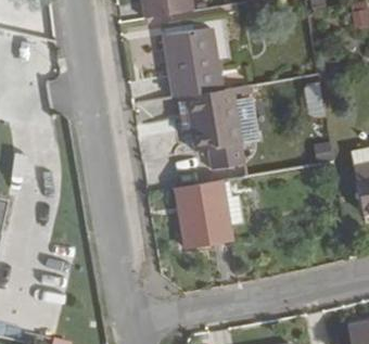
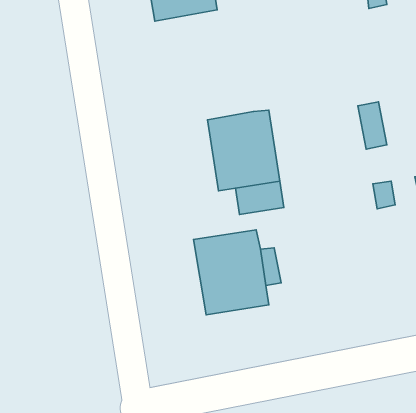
building: [163,28,221,98] -> none

